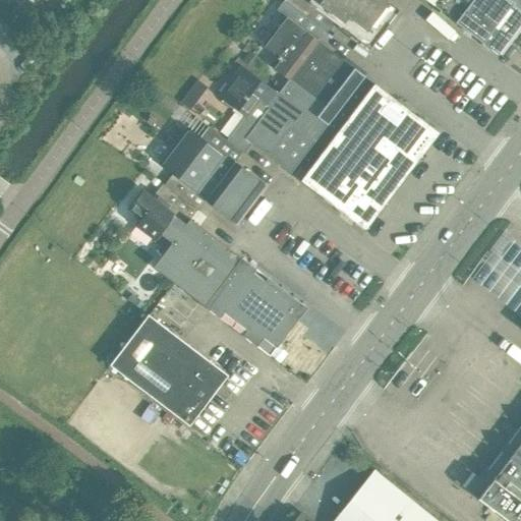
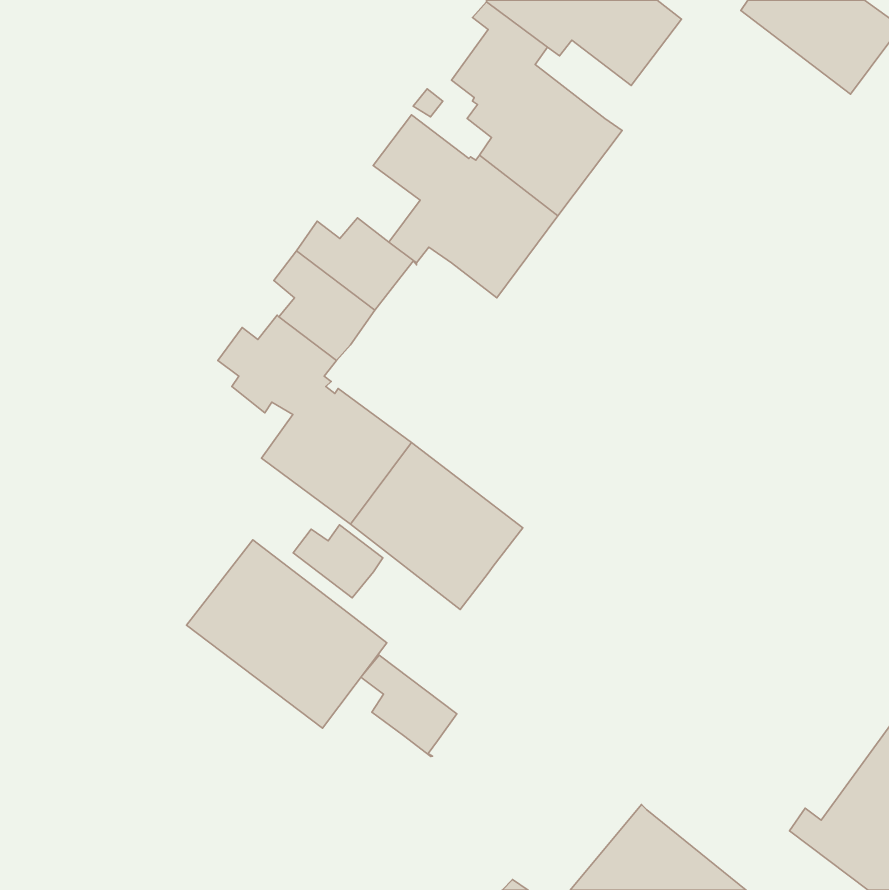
building: [291,76,439,230] -> none
building: [206,162,266,225] -> none
building: none -> [293,525,383,598]
building: none -> [361,655,457,756]

